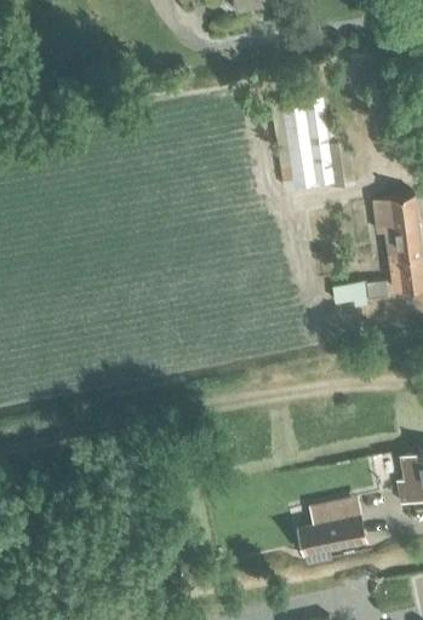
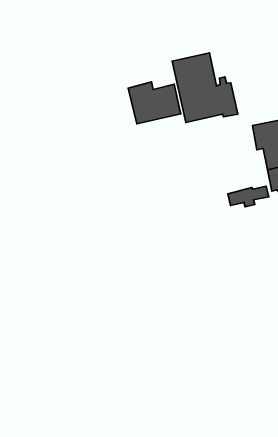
building: none -> [128,82,181,124]
building: [298,496,367,558] -> none

